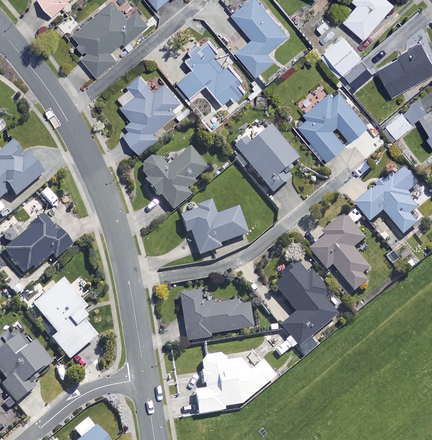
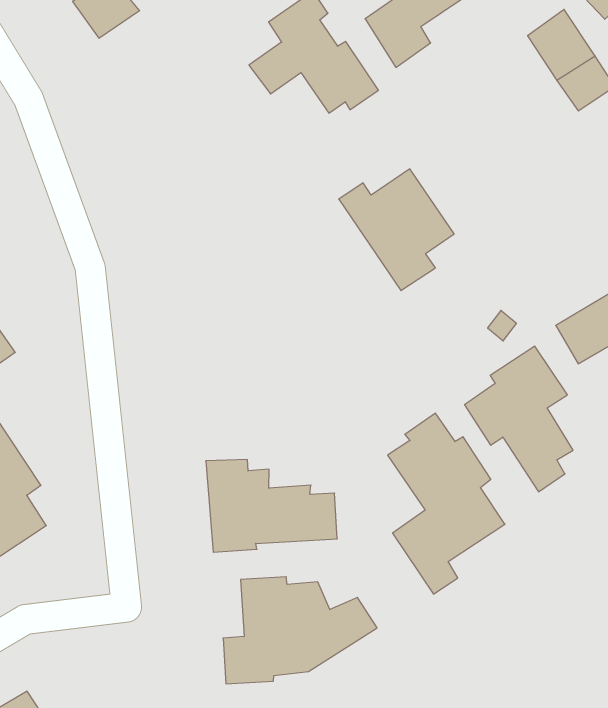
building: [120,74,179,153] -> none
building: [298,87,368,160] -> none
building: [136,149,207,211] -> none
building: [180,201,246,256] -> none

